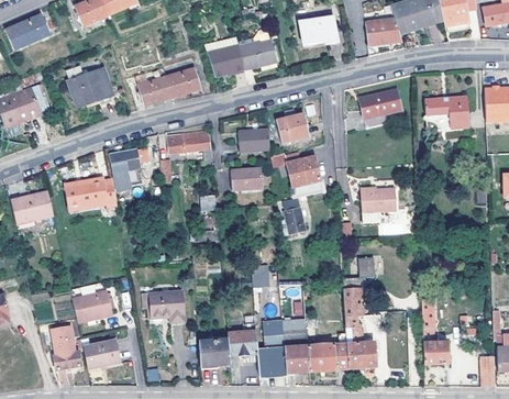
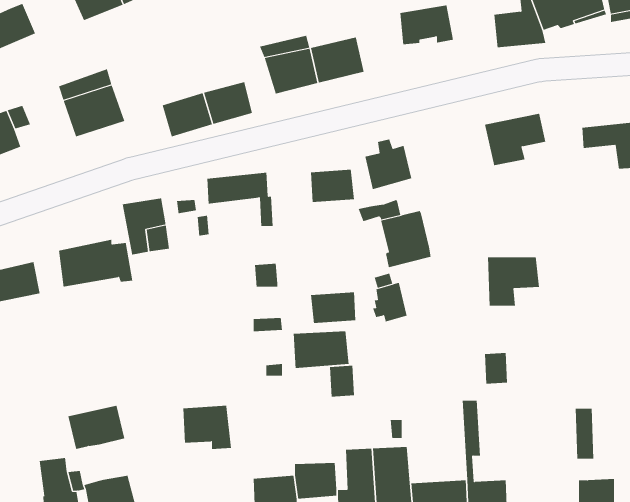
building: [230,168,262,190] -> [310,292,356,324]
building: none -> [293,331,349,369]

